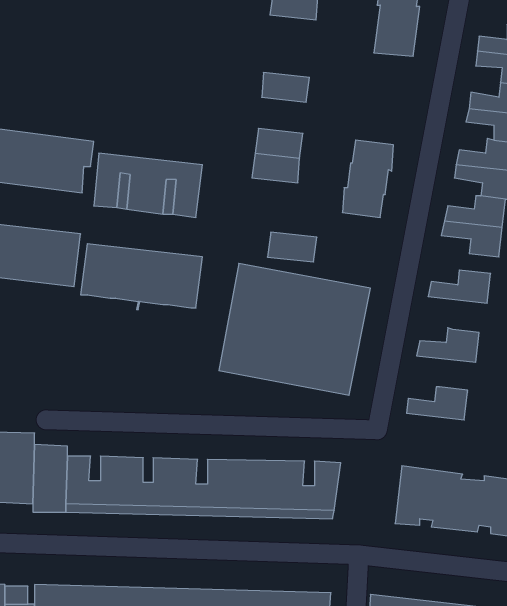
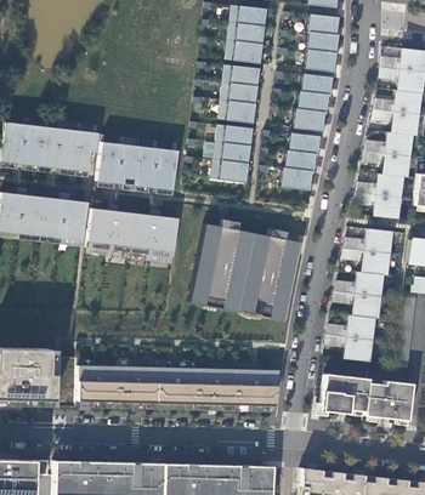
building: none -> [227,40,262,62]
building: none -> [223,64,259,86]
building: none -> [294,73,333,130]
building: none -> [220,101,255,123]
building: [267,232,317,262] -> [212,160,249,182]
building: none -> [342,247,389,274]
building: none -> [335,291,380,318]
building: none -> [327,334,372,360]

